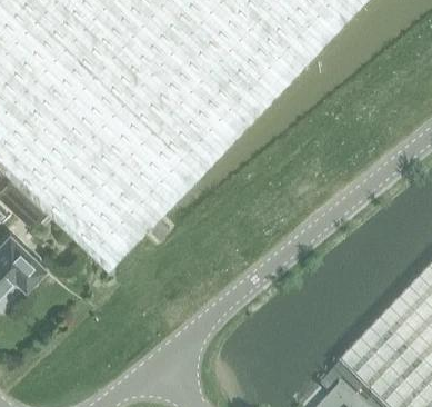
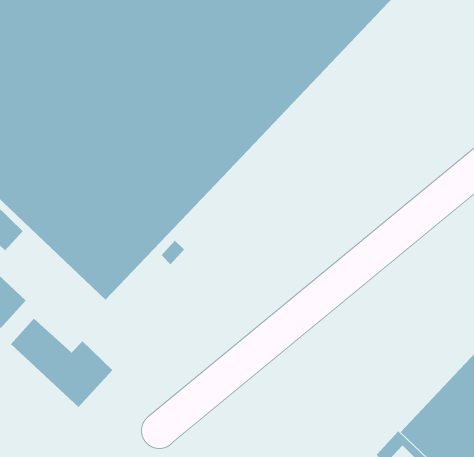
building: none -> [10,318,113,408]

